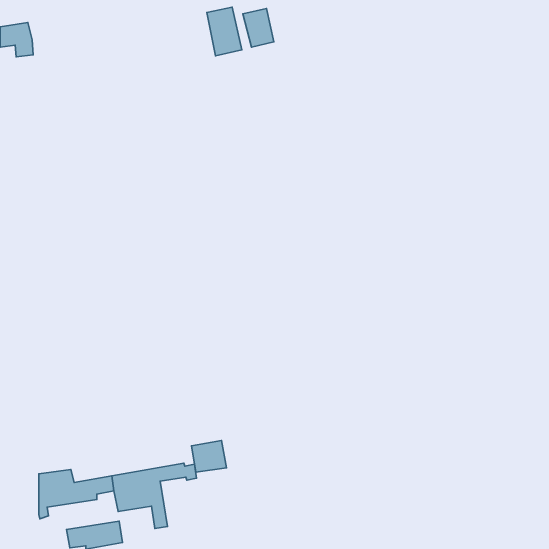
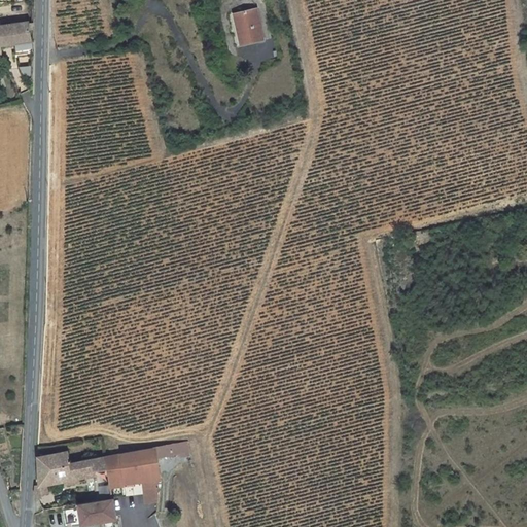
building: [207,7,242,56] -> none
building: [191,440,227,472] -> none

